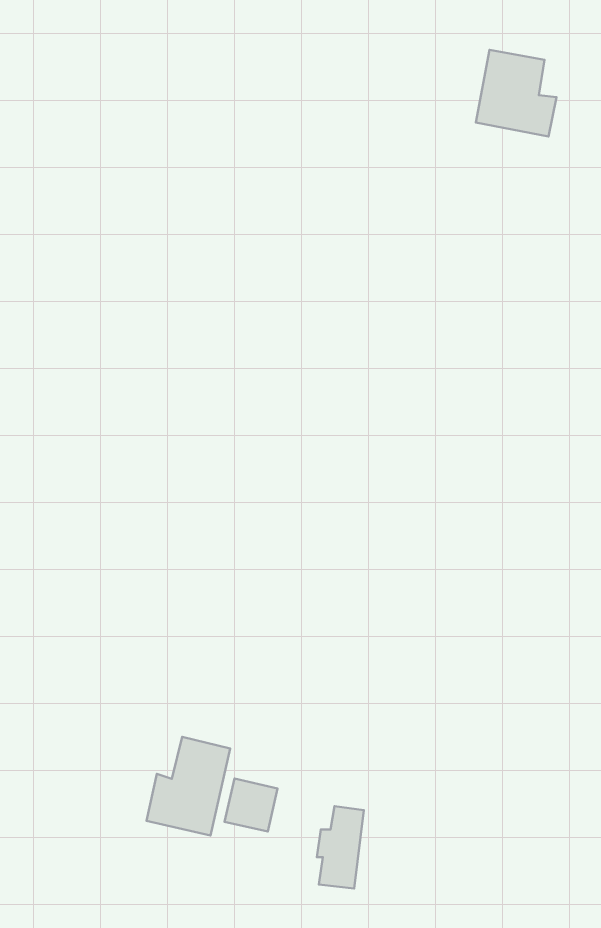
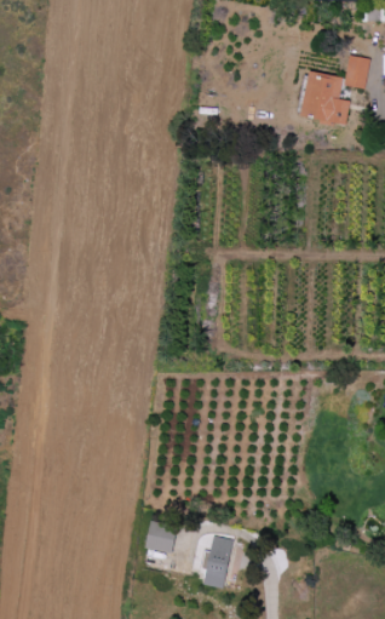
building: none -> [344,55,369,88]
building: [147,737,230,835] -> none

